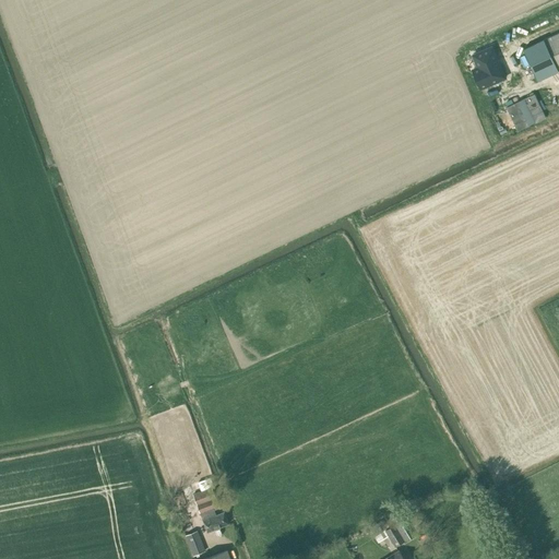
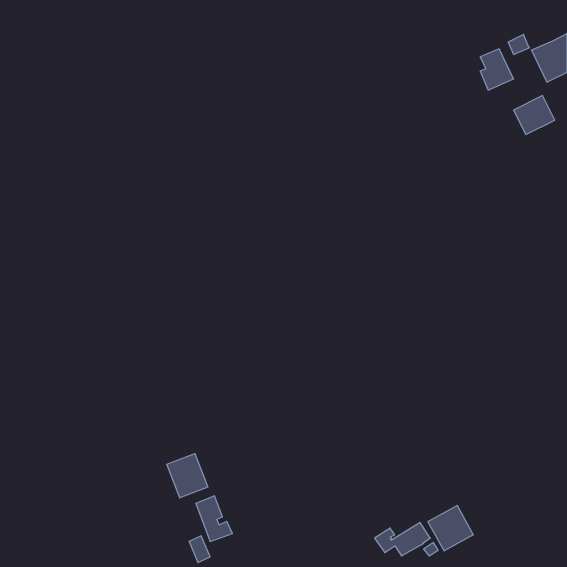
building: none -> [167,454,208,498]
building: none -> [428,505,473,551]

